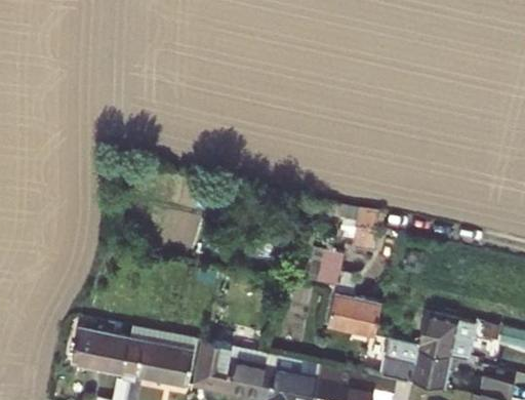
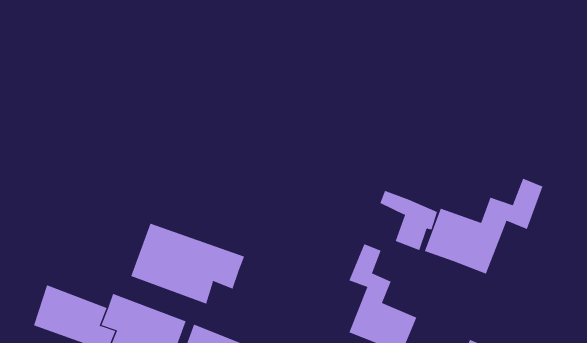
building: none -> [424,178,543,275]
building: none -> [130,223,245,304]

